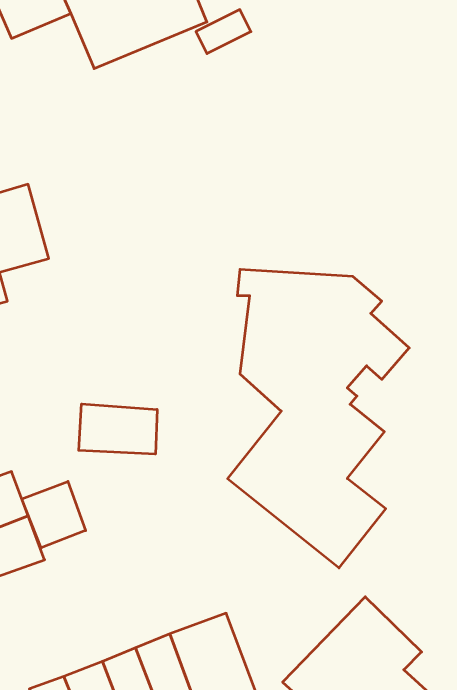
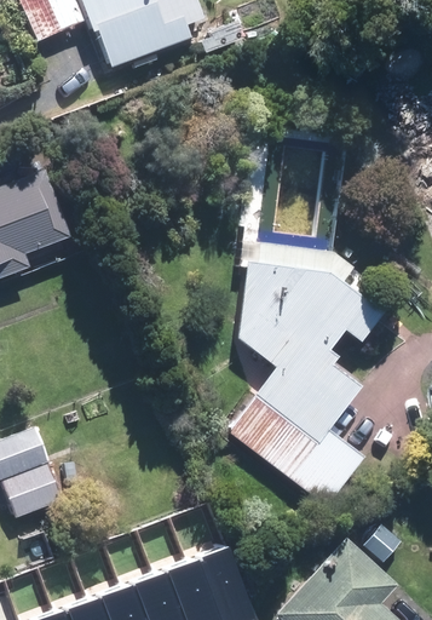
building: [79,404,157,454] -> none
building: [22,481,86,548] -> none

